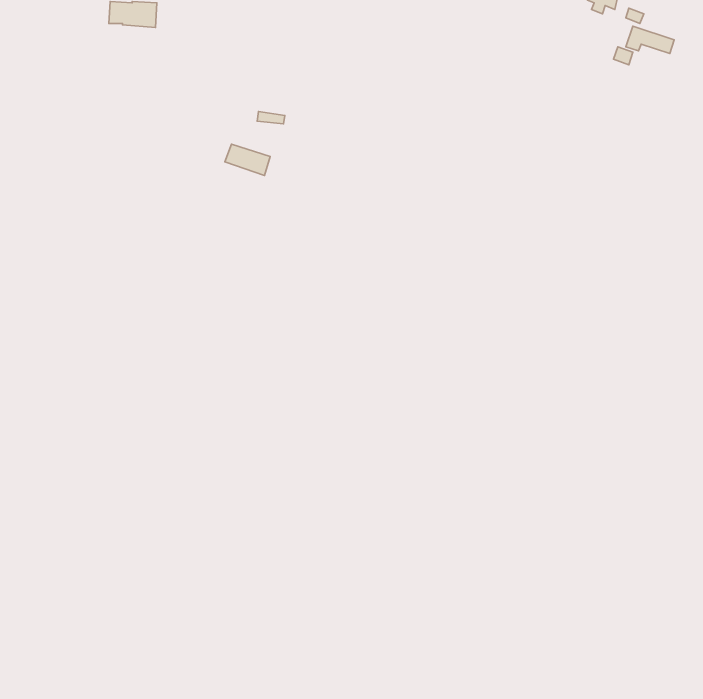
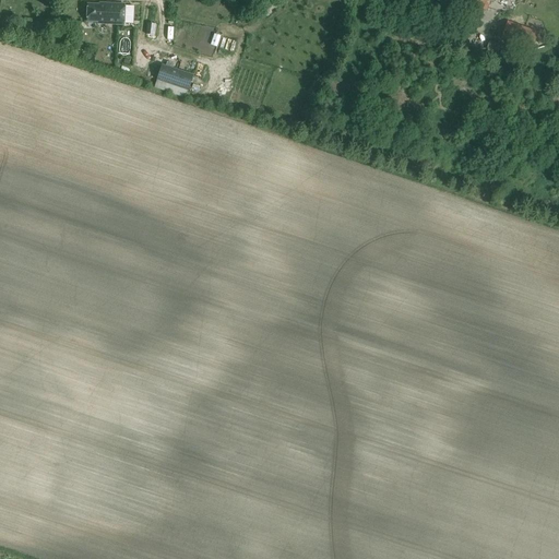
building: [225,144,270,176] -> [156,62,192,87]

